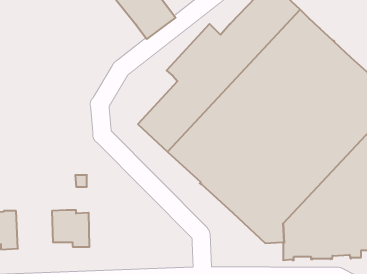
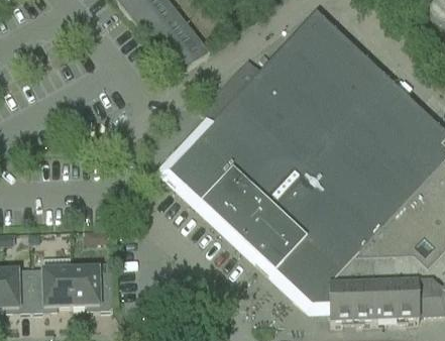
building: none -> [30,266,72,310]

